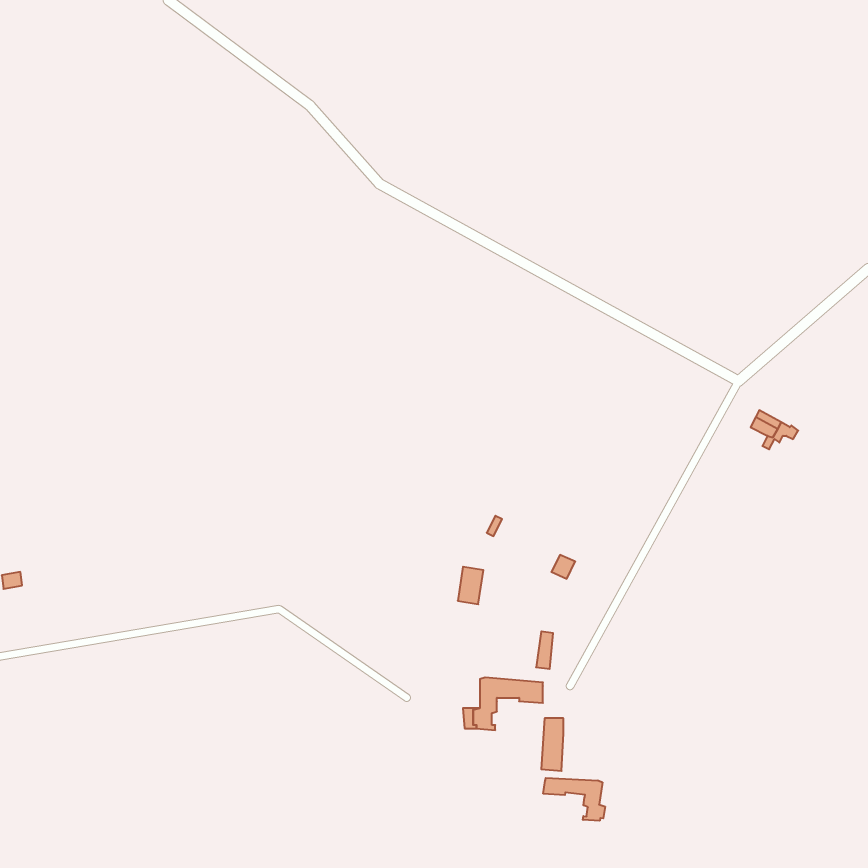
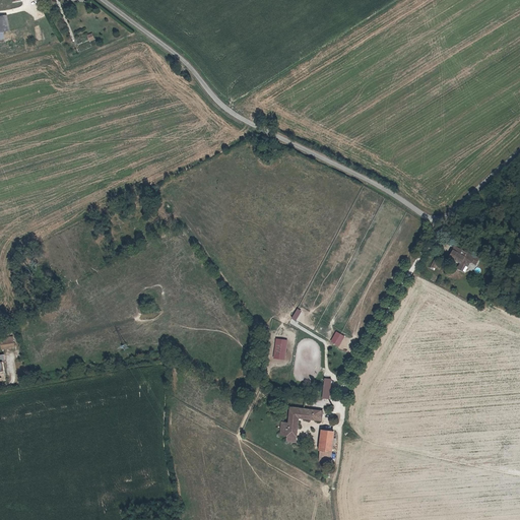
building: [543,778,605,821] -> none

